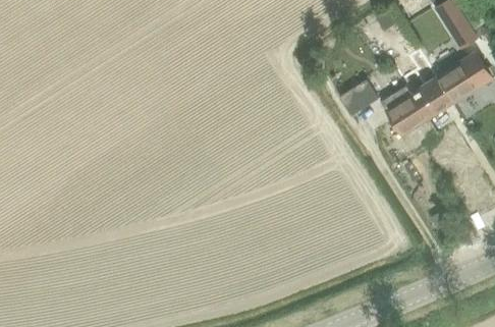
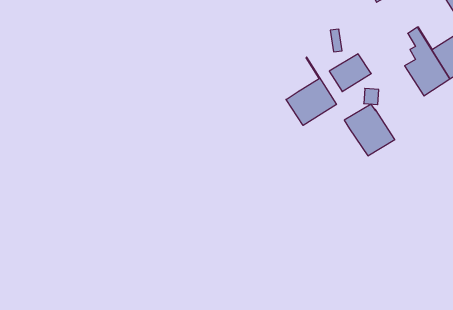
building: none -> [286,57,336,125]
building: [381,87,429,135] -> [344,104,395,156]

